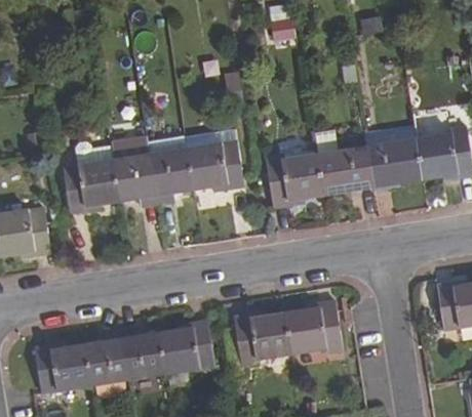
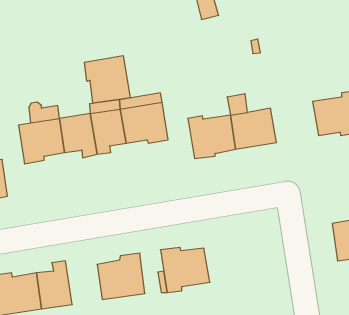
building: none -> [84,56,130,103]
building: [365,137,423,186] -> none
building: [285,300,344,356] -> none
building: [119,328,163,381] -> none

